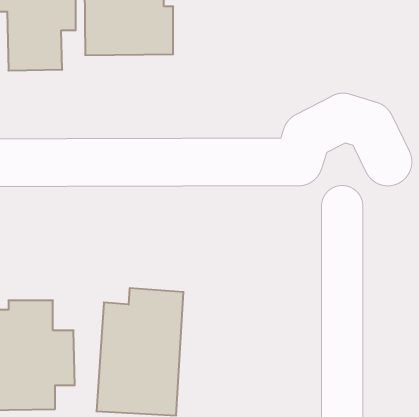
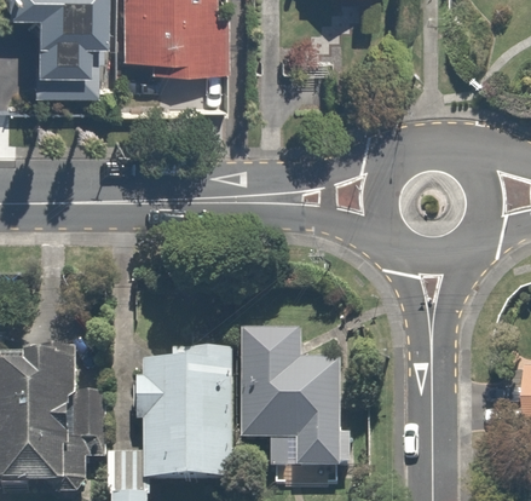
building: none -> [239,335,346,473]

